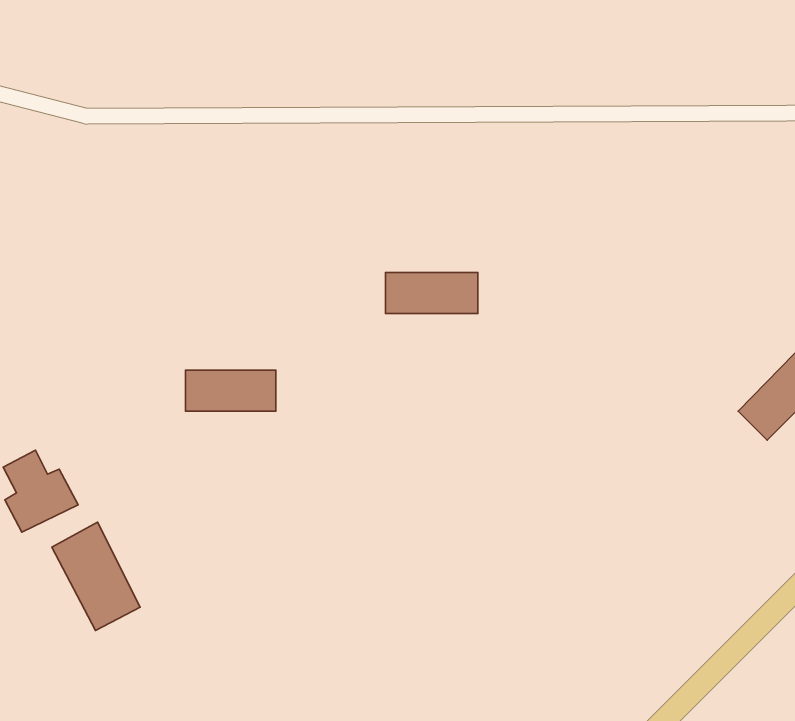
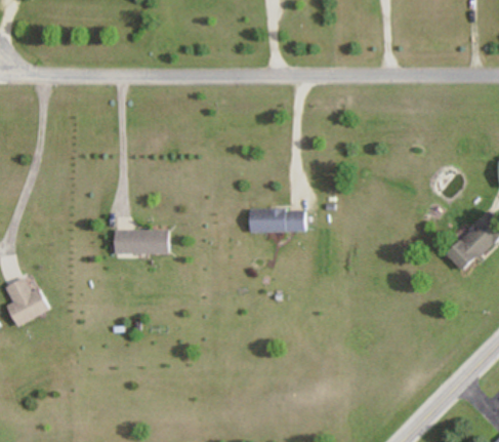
building: [386,273,478,313] -> [249,207,304,232]
building: [52,522,140,630] -> none

